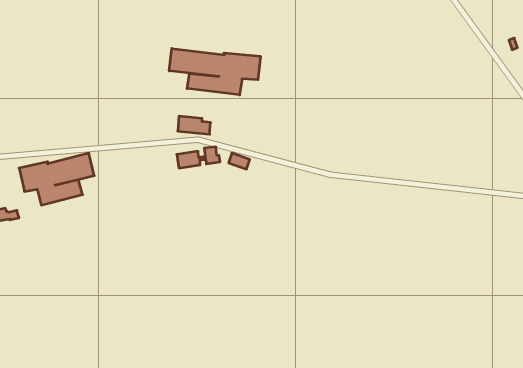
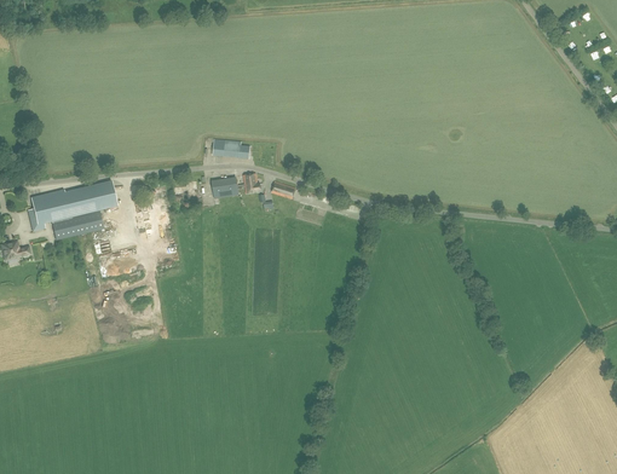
building: [169,48,260,95] -> none

